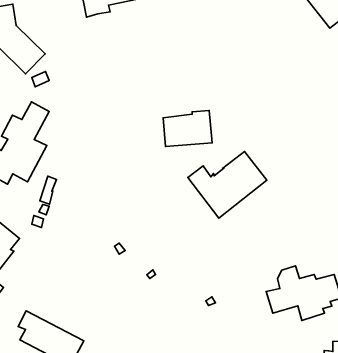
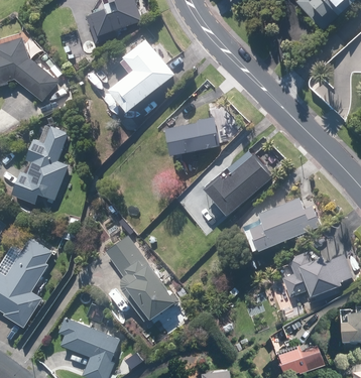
building: none -> [113,41,173,111]
building: none -> [254,197,318,250]
building: none -> [106,236,178,320]

